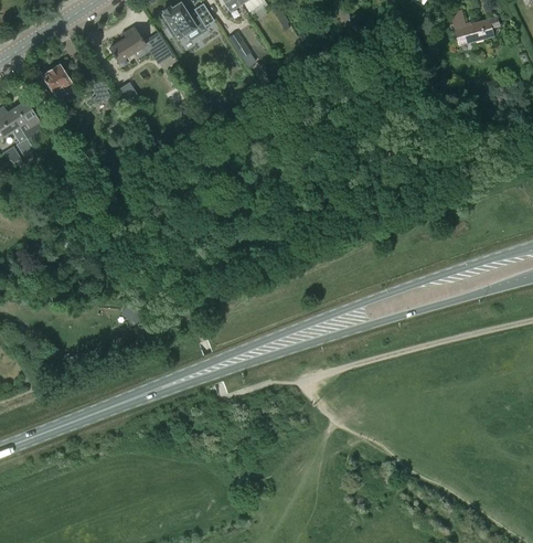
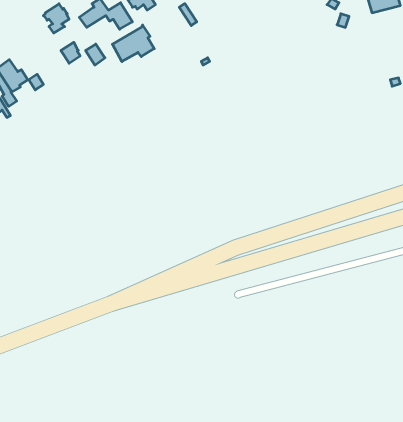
building: none -> [112,25,154,62]
building: [41,64,72,99] -> [43,4,69,33]

